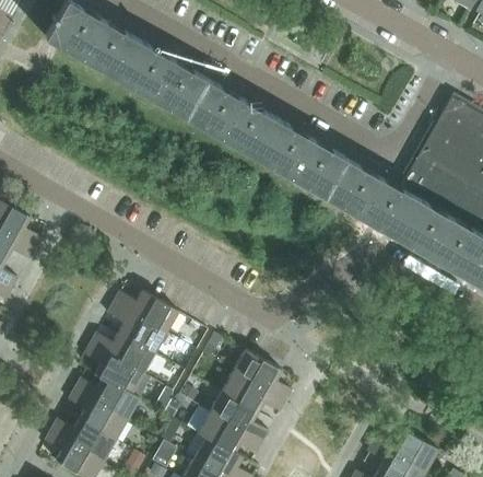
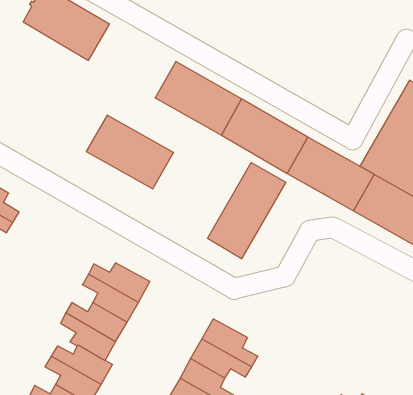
building: [113,39,204,117] -> [86,115,174,189]
building: none -> [208,163,286,259]

